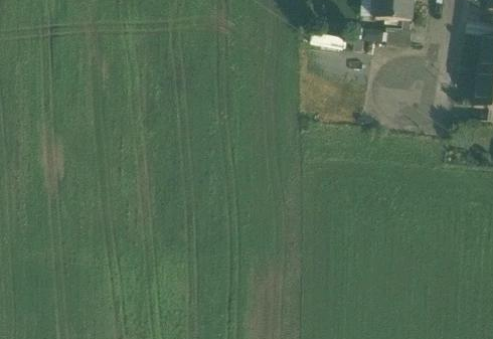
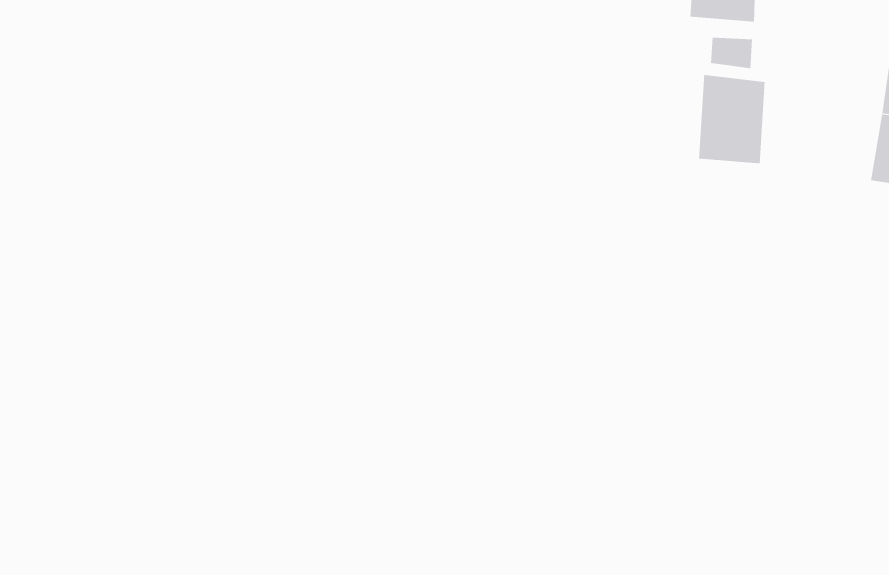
building: none -> [699,74,765,164]

